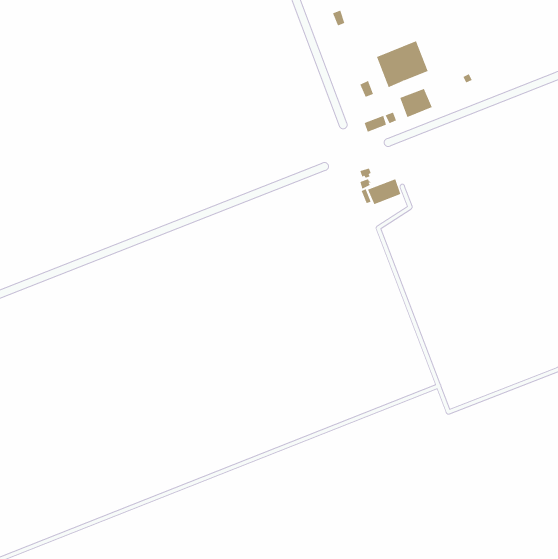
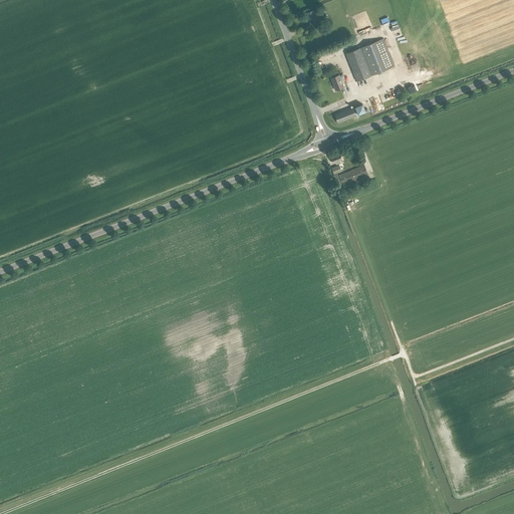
building: [400,88,433,118] -> none

